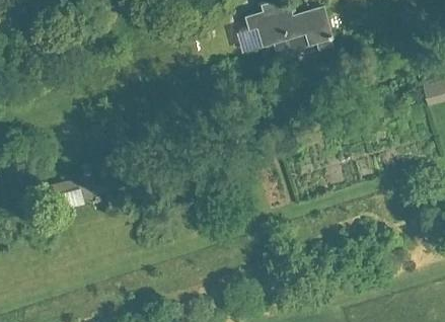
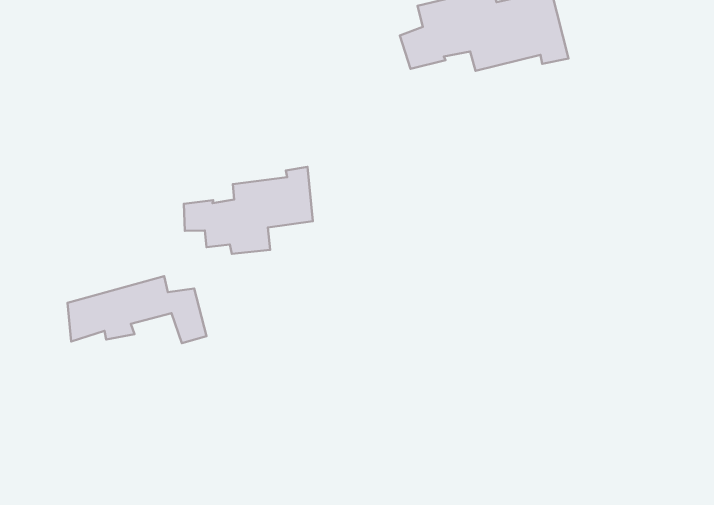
building: none -> [184,167,313,254]

